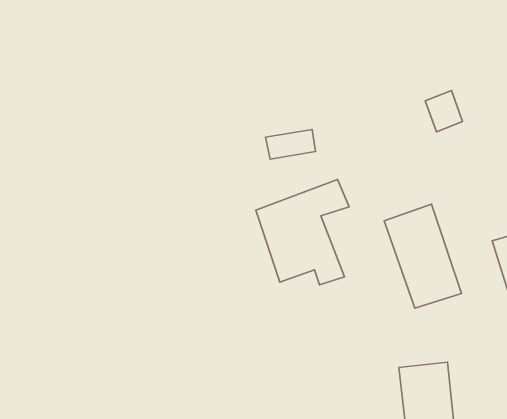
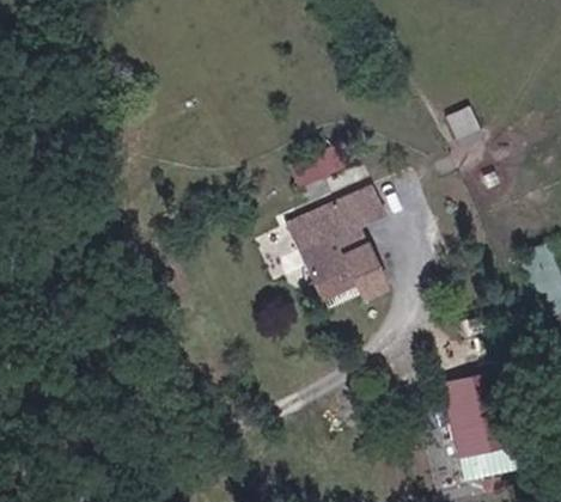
building: [384,204,461,308] -> none

